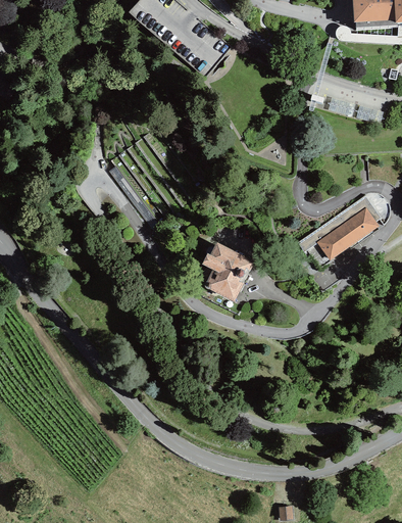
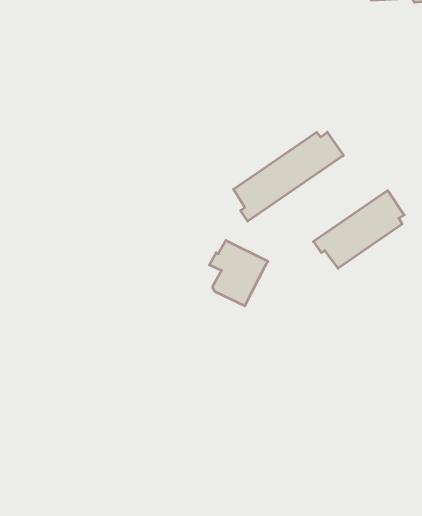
building: none -> [234,132,343,221]

